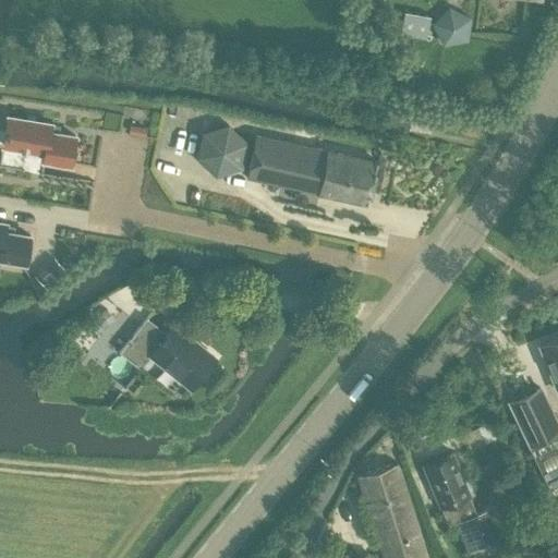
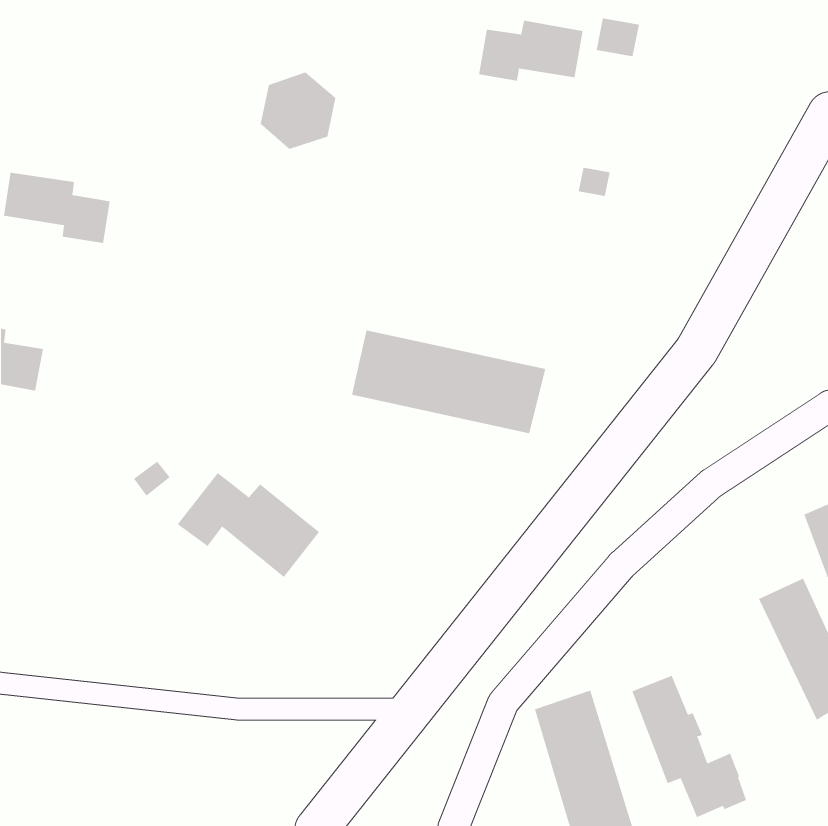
building: [433,9,472,47] -> none
building: none -> [478,20,583,81]
building: [197,126,248,179] -> [260,72,336,150]
building: [246,136,377,206] -> [351,330,546,434]

